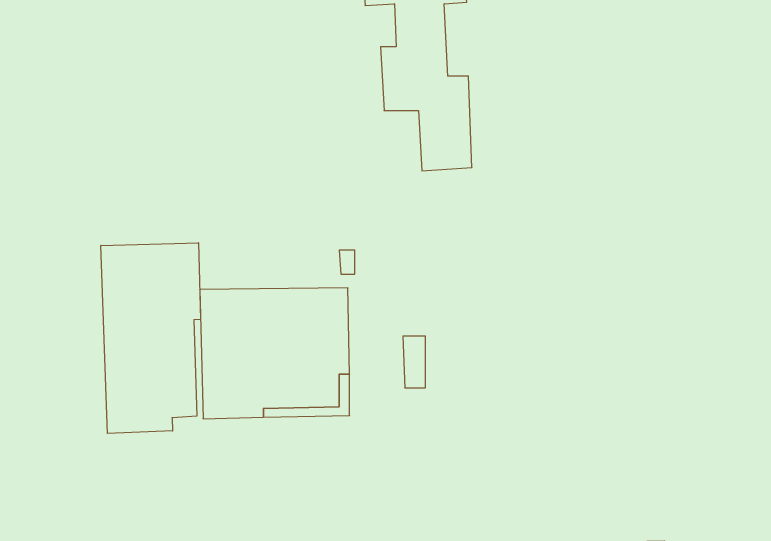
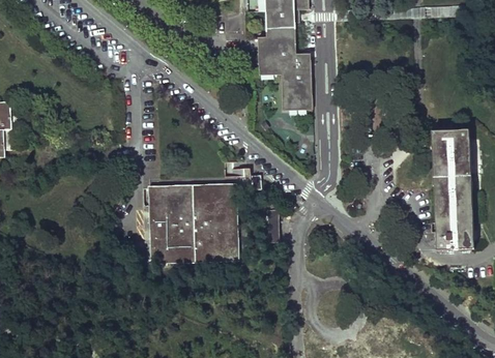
building: none -> [433,129,475,249]
building: [101,243,200,433] -> none

